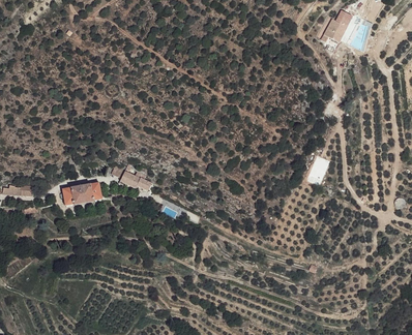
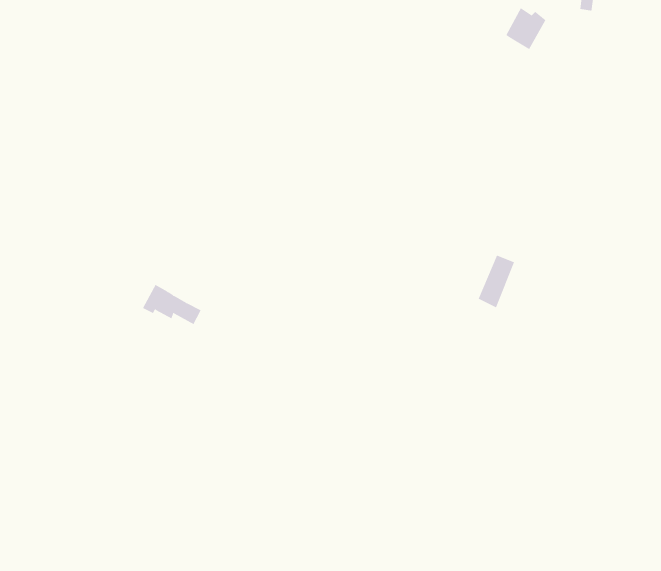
building: [62,183,101,205] -> none

